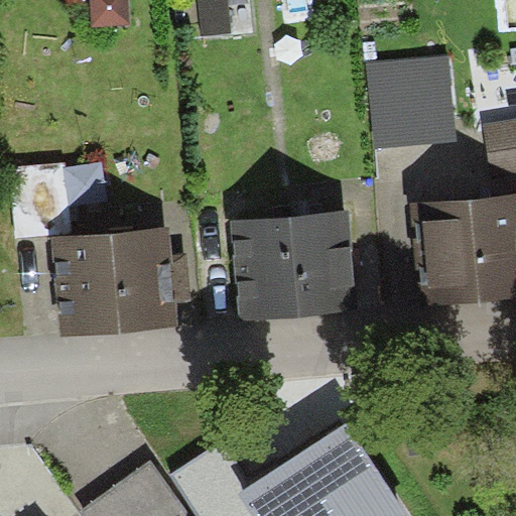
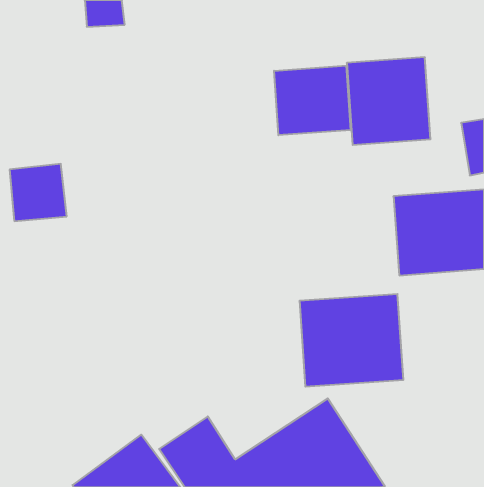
building: none -> [274,66,351,135]
building: [239,219,349,316] -> [299,294,403,387]
building: [59,238,171,332] -> none

